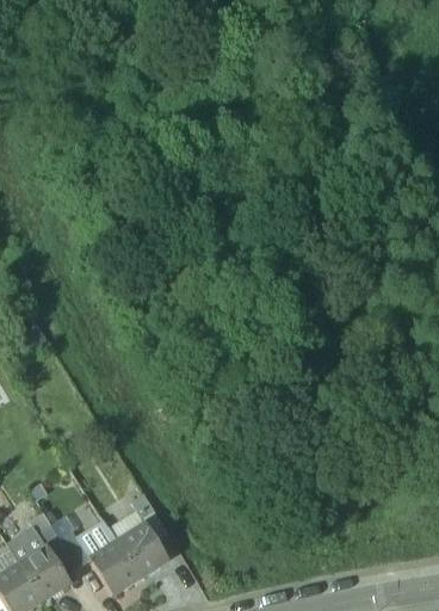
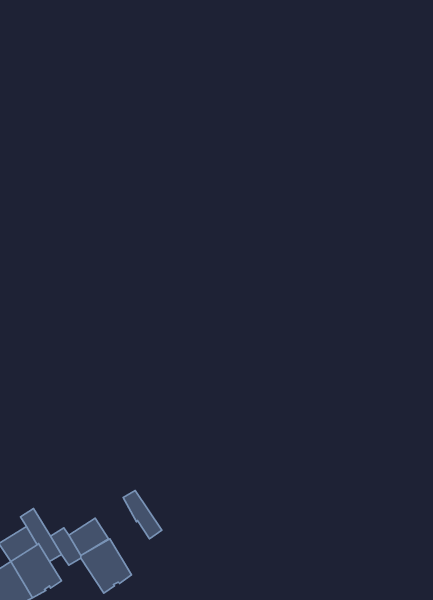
building: [118,523,168,576] -> none

